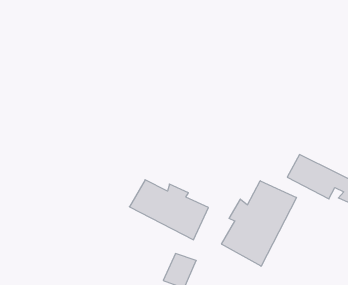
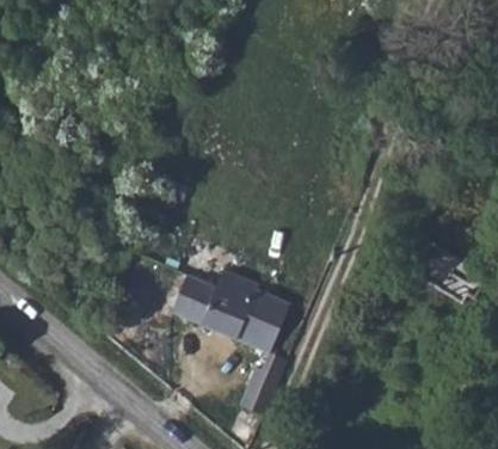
building: [222,181,296,266] -> none

